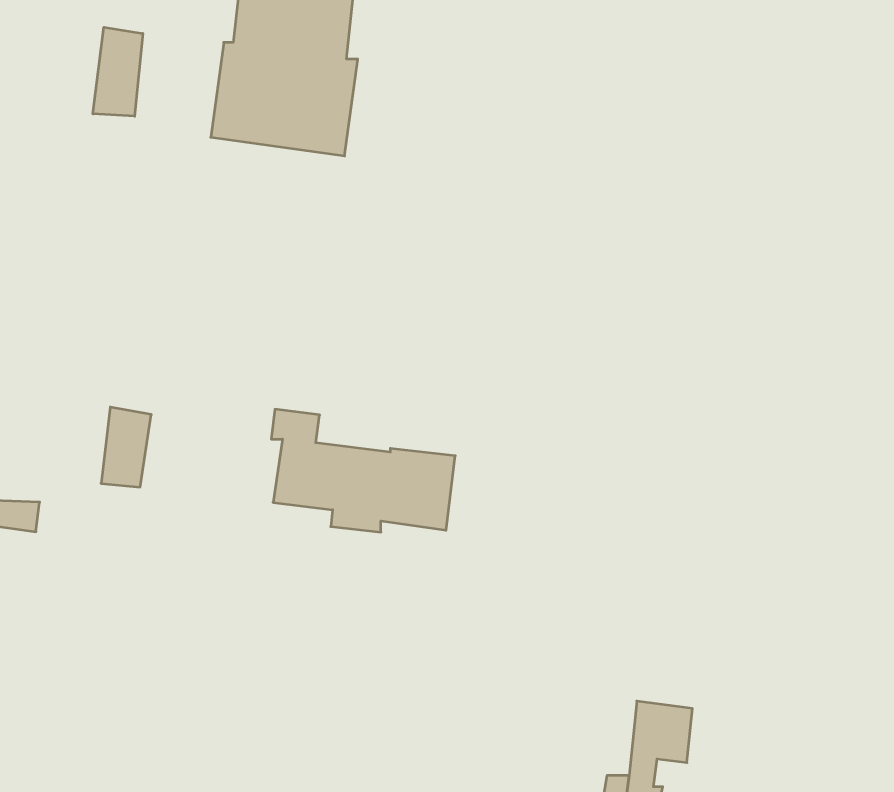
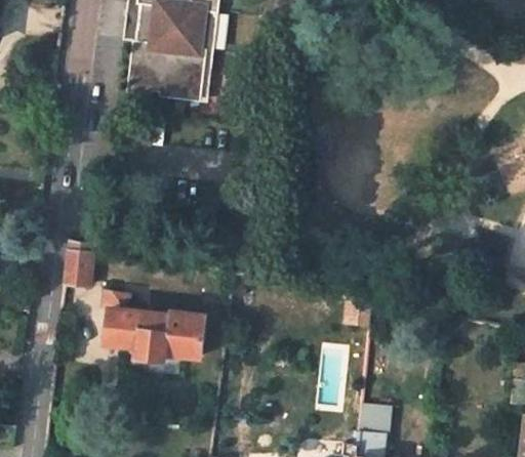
building: [93,27,143,116] -> none
building: [271,409,455,532] -> [105,291,206,359]

